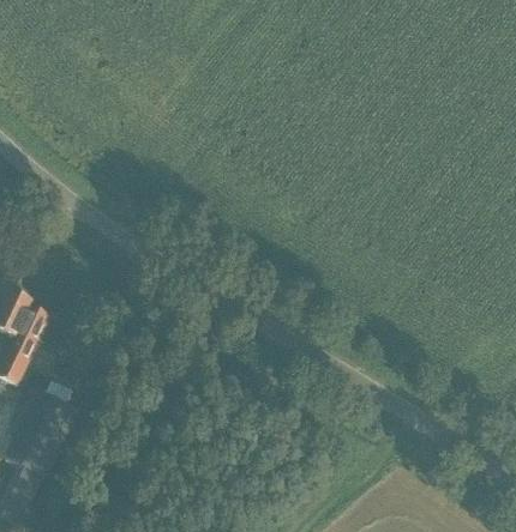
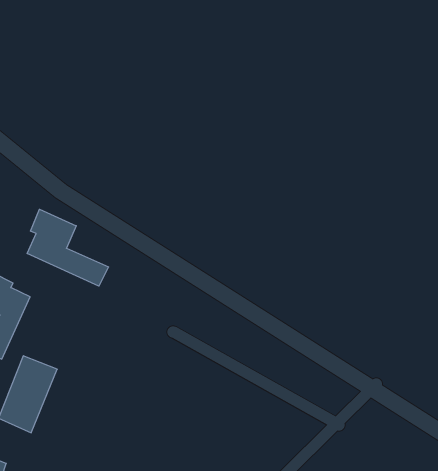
building: none -> [27,209,109,286]

